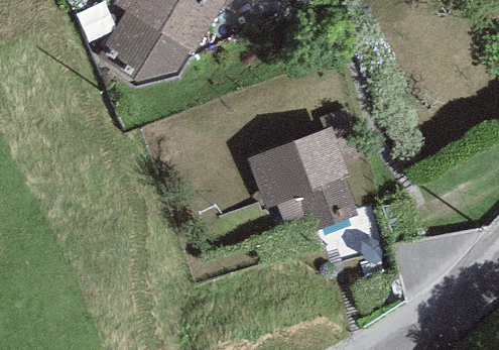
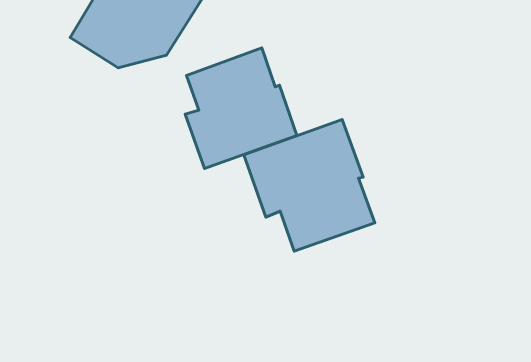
building: none -> [185,48,297,168]

